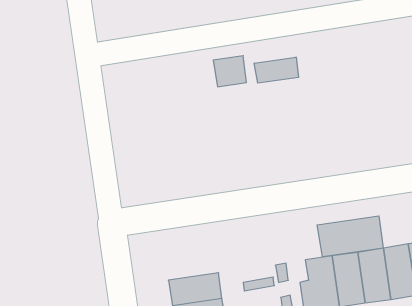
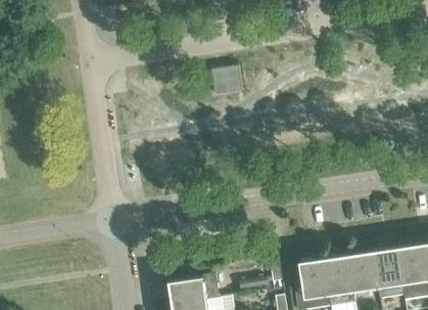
building: [254,57,299,83] -> none
building: [317,216,383,257] -> none

